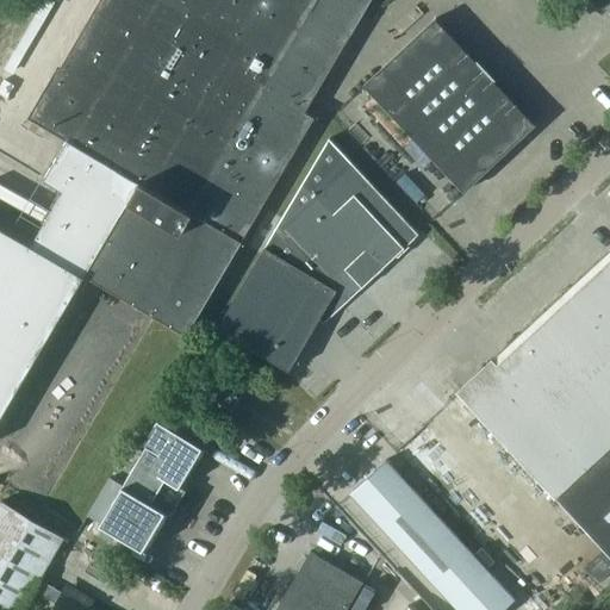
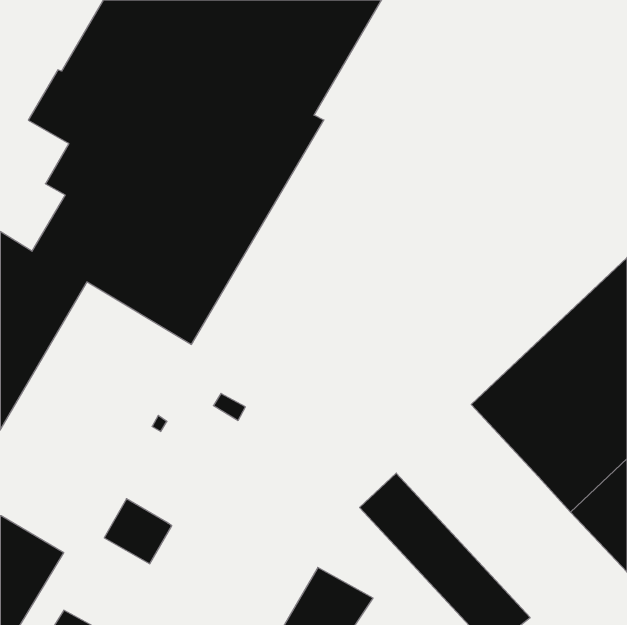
building: [365,20,534,192] -> none
building: [217,138,418,369] -> none
building: [123,424,207,510] -> none

